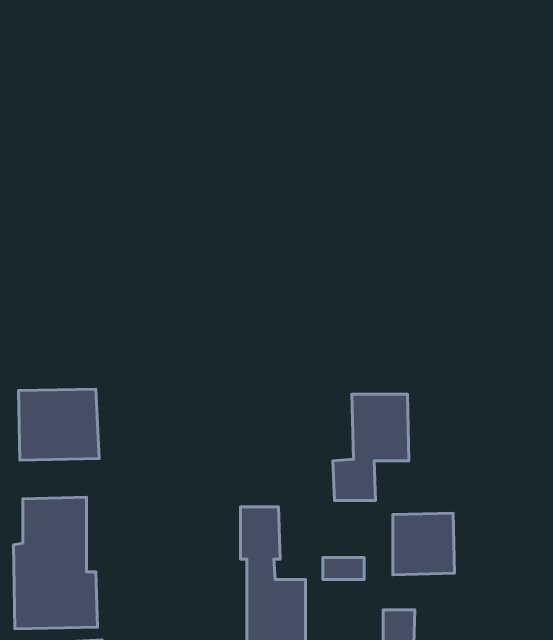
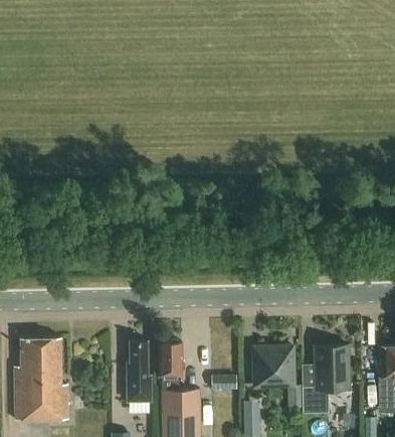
building: [18,389,99,460] -> none
building: [333,394,409,500] -> [302,346,350,414]
building: none -> [127,341,151,402]

